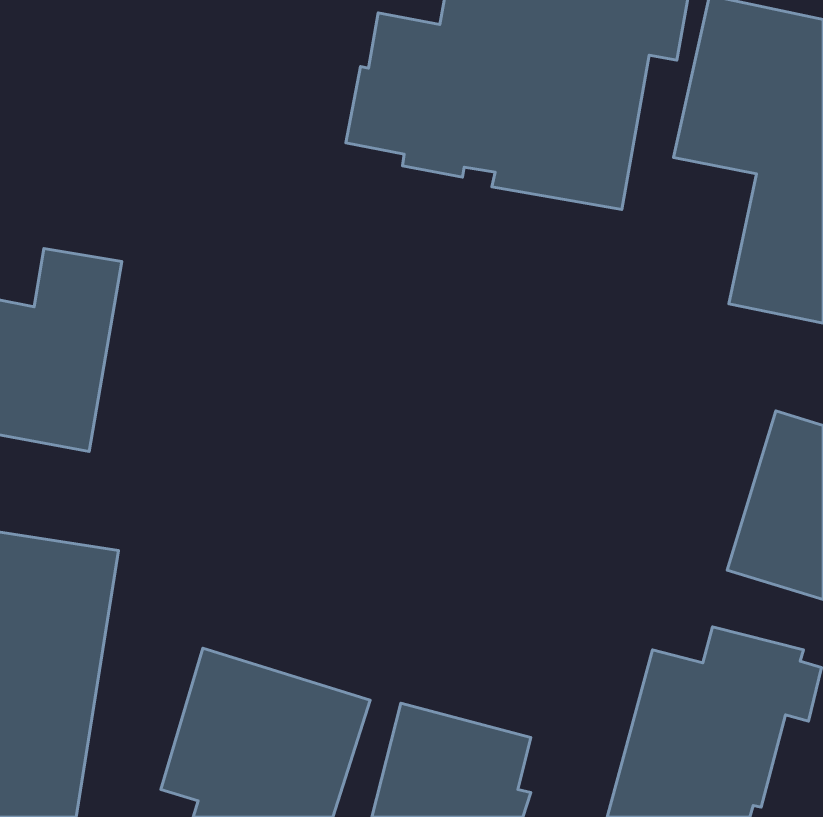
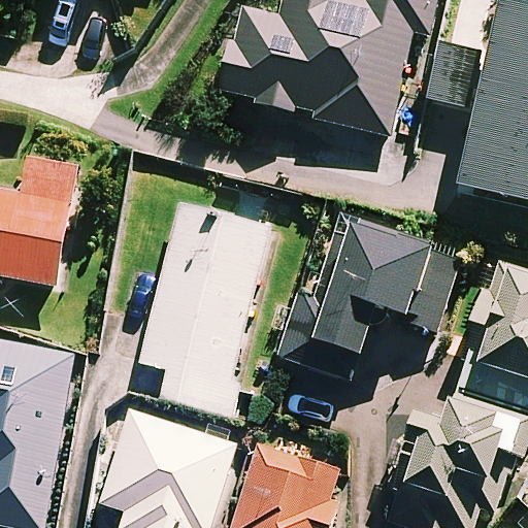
building: none -> [140,206,269,417]
building: none -> [278,217,461,383]

